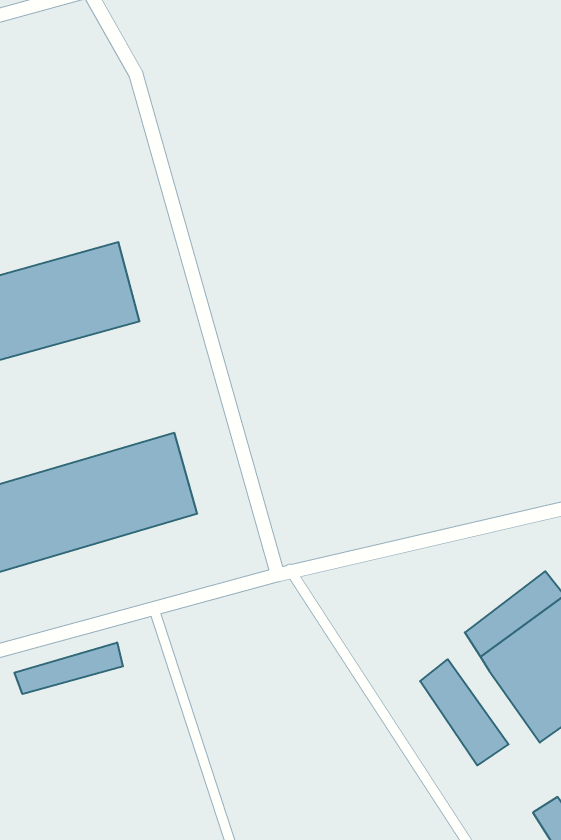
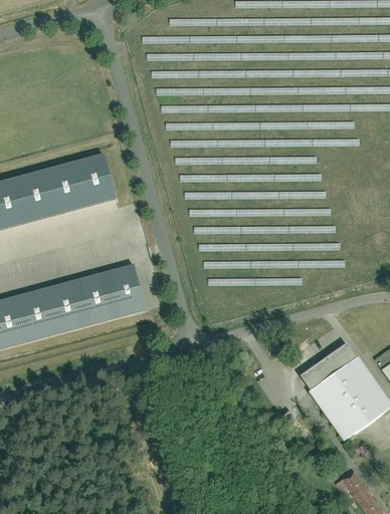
building: [14,642,123,694] -> none
building: [420,659,509,765] -> none

